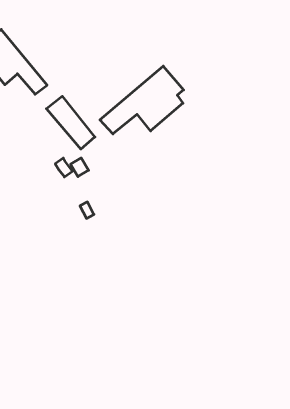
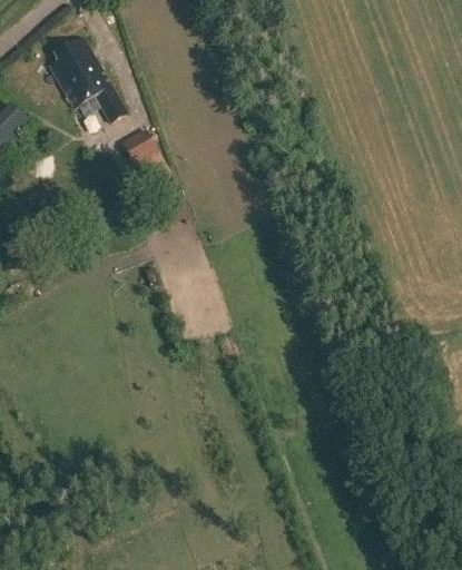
building: [100,66,184,134] -> none

